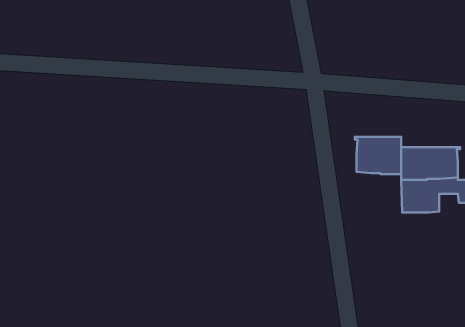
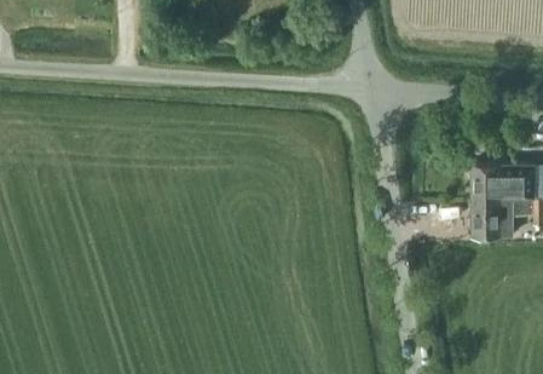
building: [355,137,401,174] -> none

